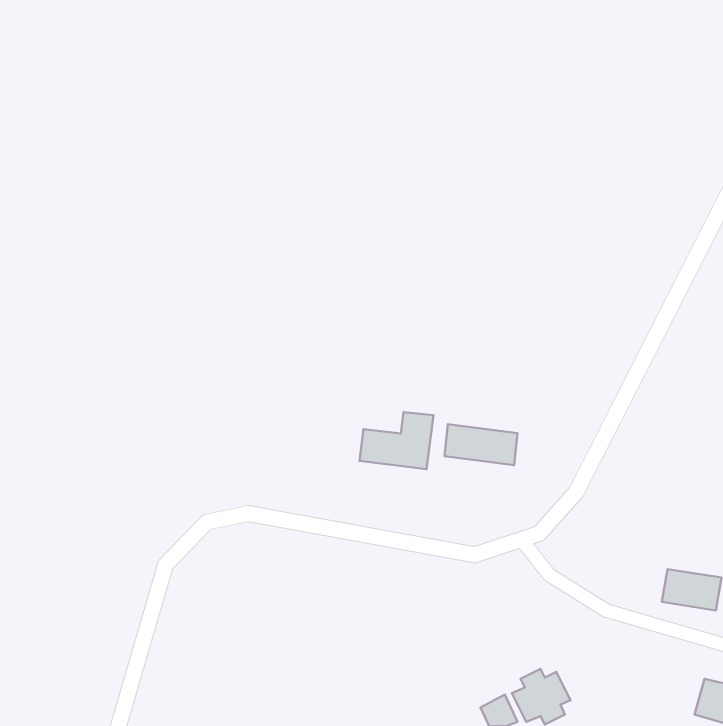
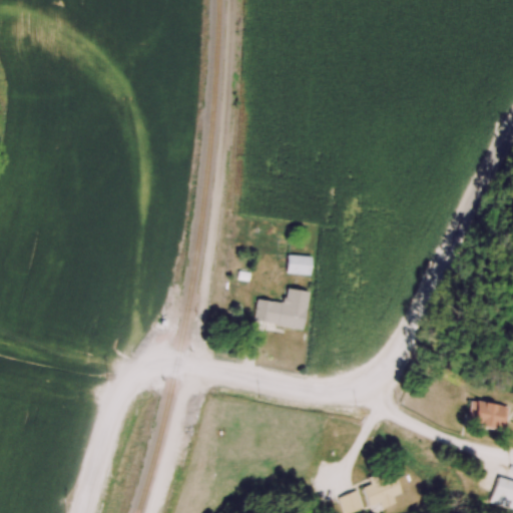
building: none -> [288,256,312,275]
building: [445,424,518,465] -> none

